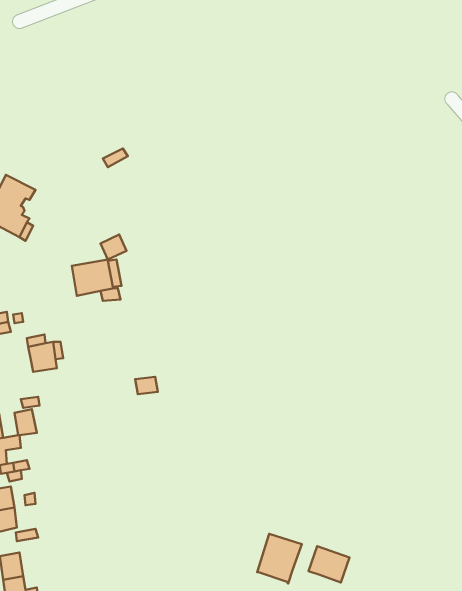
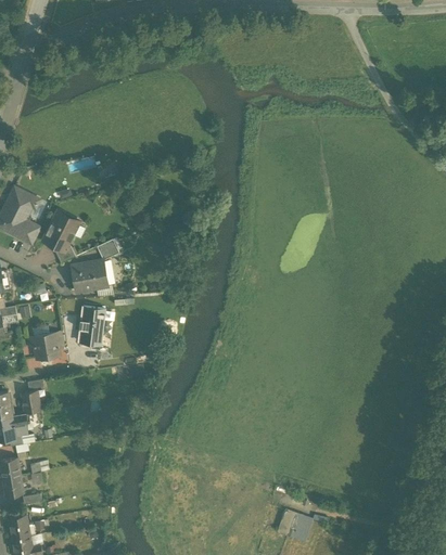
building: none -> [42,212,79,263]
building: none -> [79,306,106,345]
building: [257,534,302,583] -> none

